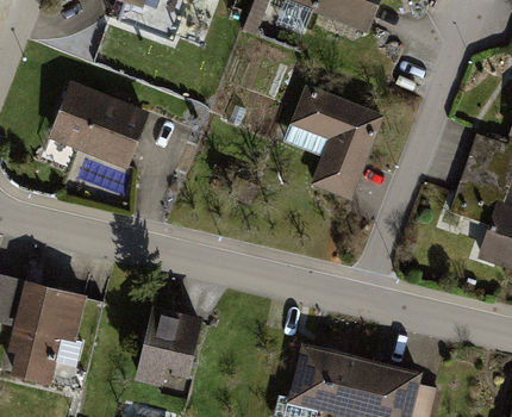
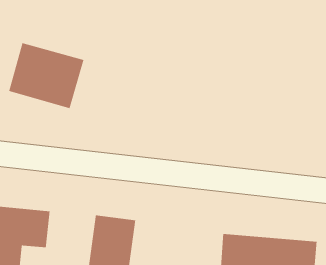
building: [294,86,385,199] -> none

